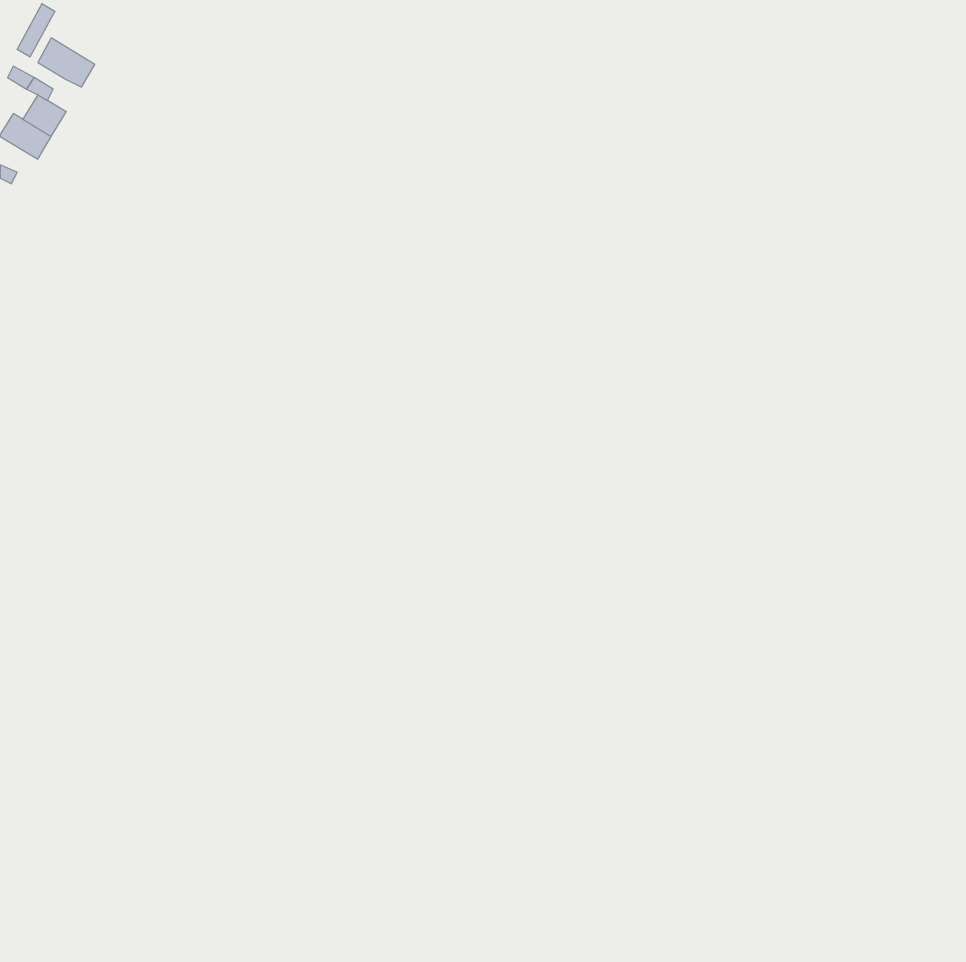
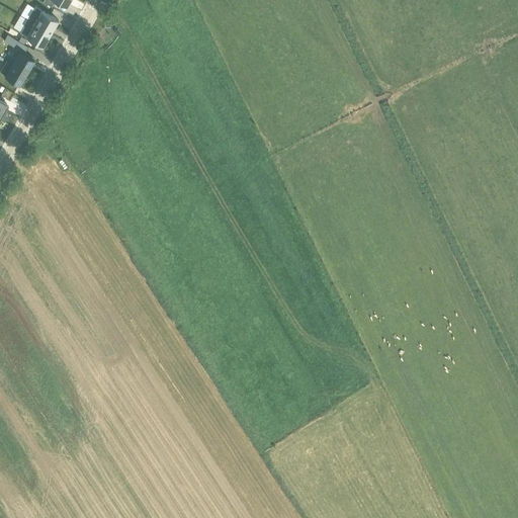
building: none -> [28,10,60,37]

